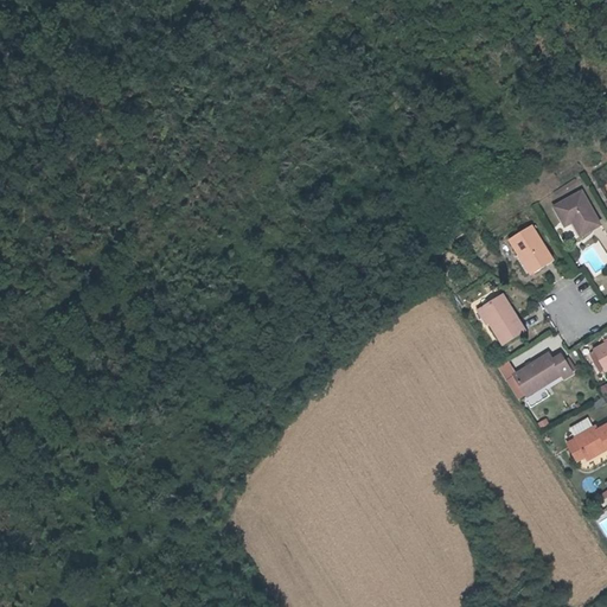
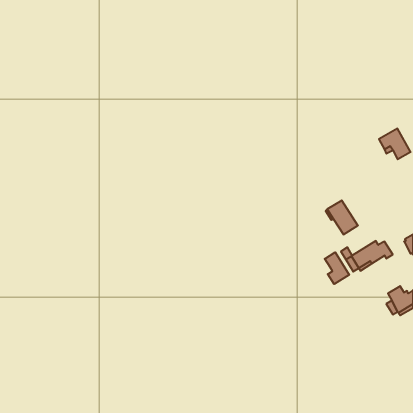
building: [510,223,555,273] -> none
building: none -> [325,252,349,284]

